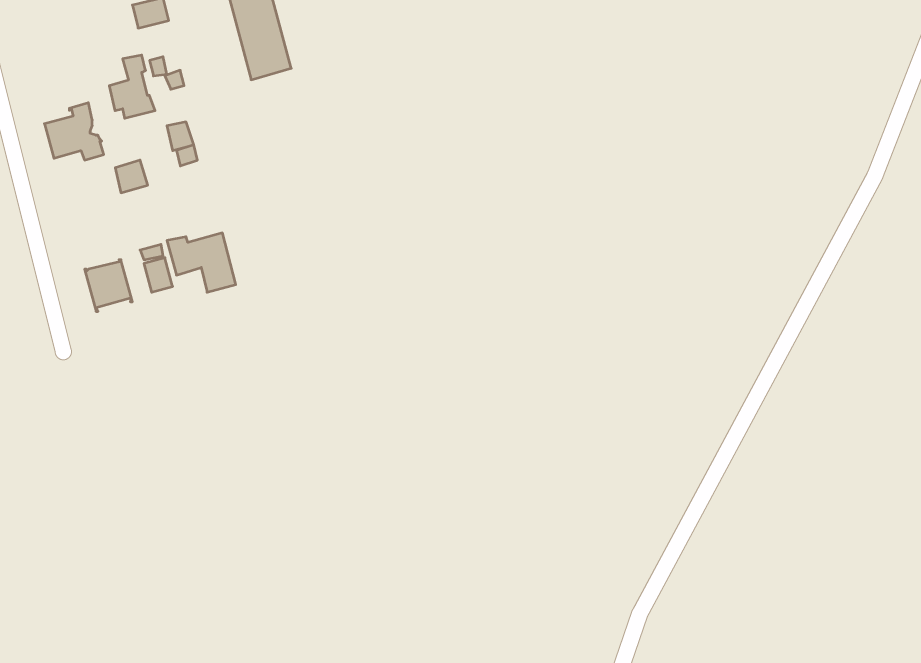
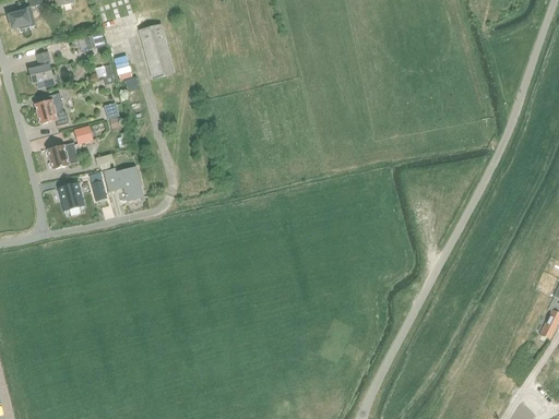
building: [109,55,155,118] -> [28,51,55,87]
building: none -> [46,142,79,168]

